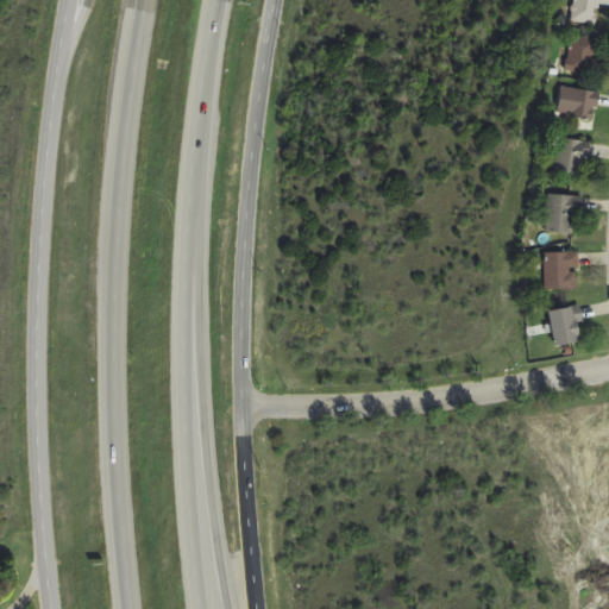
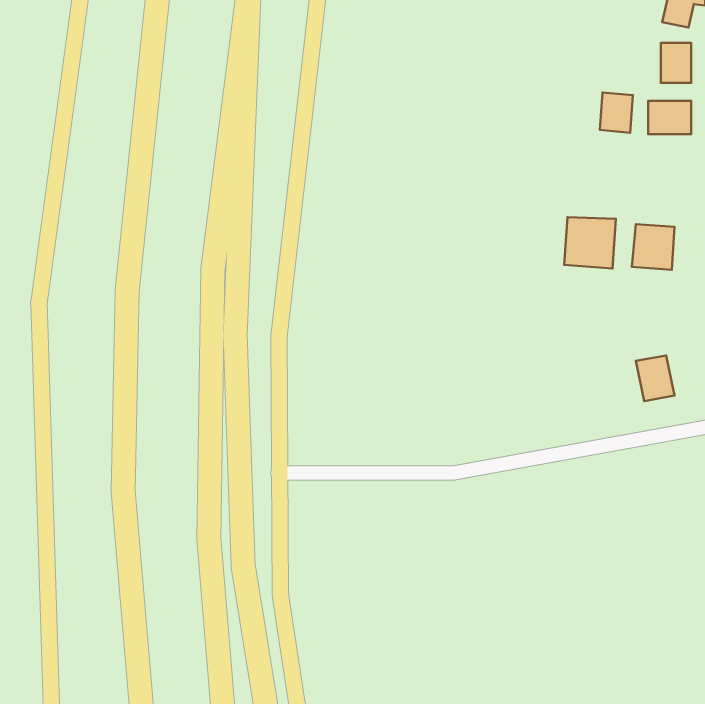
building: [555,137,584,171] -> [600,93,633,133]
building: none -> [564,217,616,269]
building: [544,251,576,288] -> none

